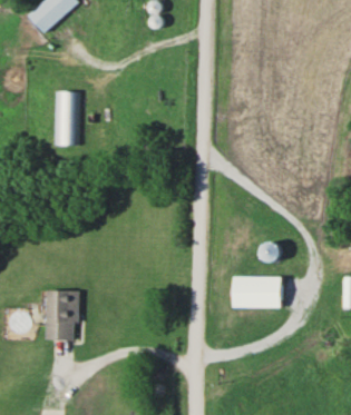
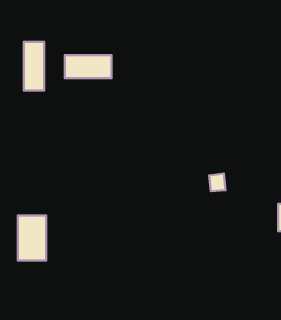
building: none -> [65,55,112,78]
building: [236,276,284,307] -> none

